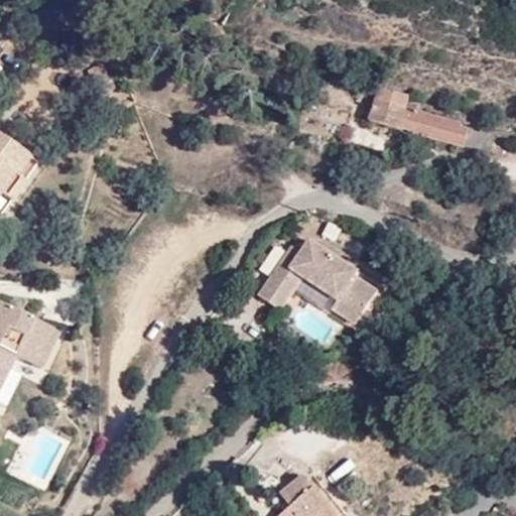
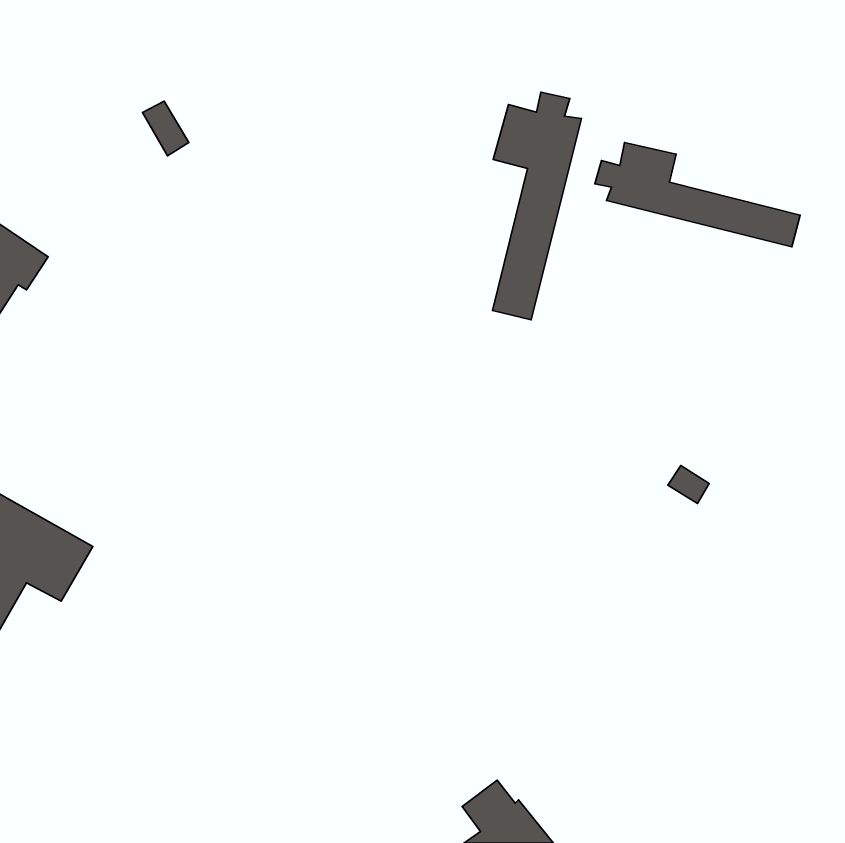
building: none -> [492,92,582,320]
building: [258,238,380,325] -> none

